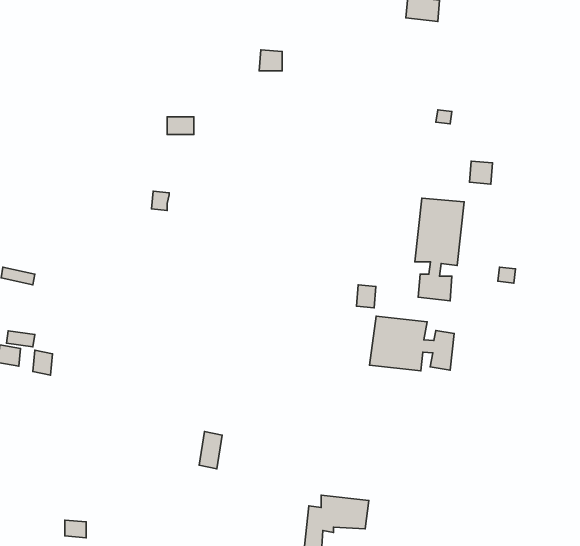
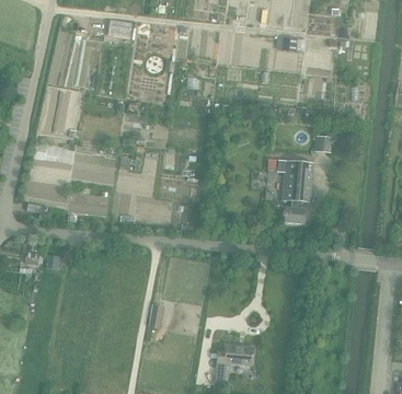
building: [370,316,454,371] -> none

